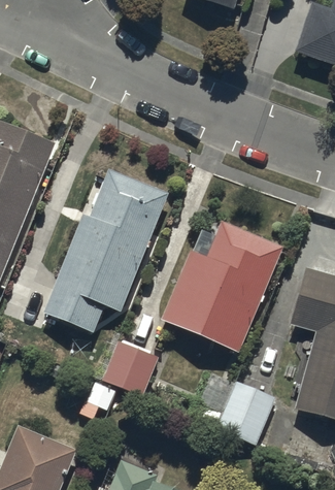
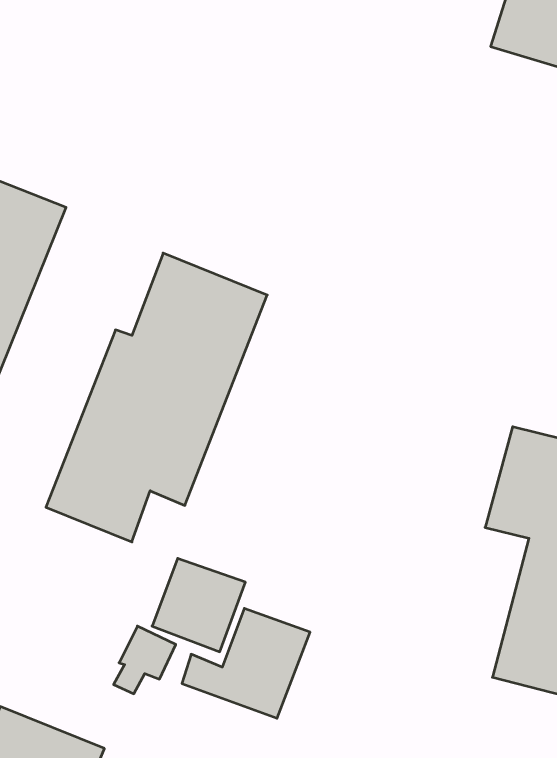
building: [160,223,282,351] -> none
building: [202,382,274,444] -> [182,608,310,718]

